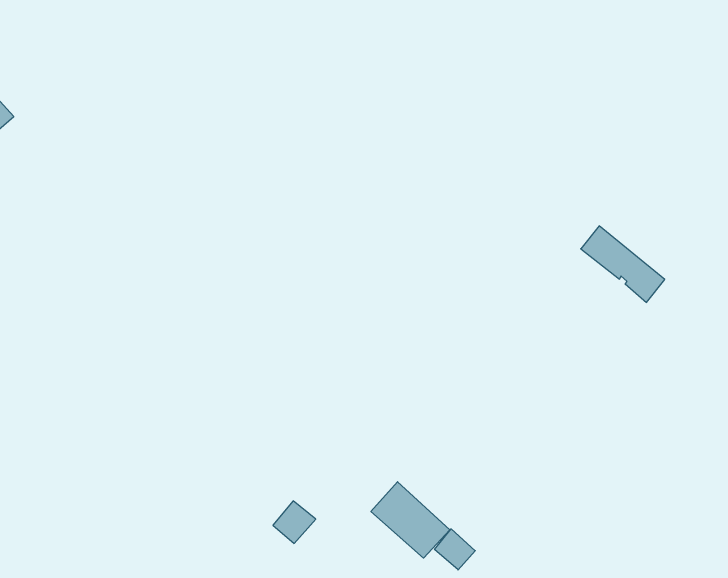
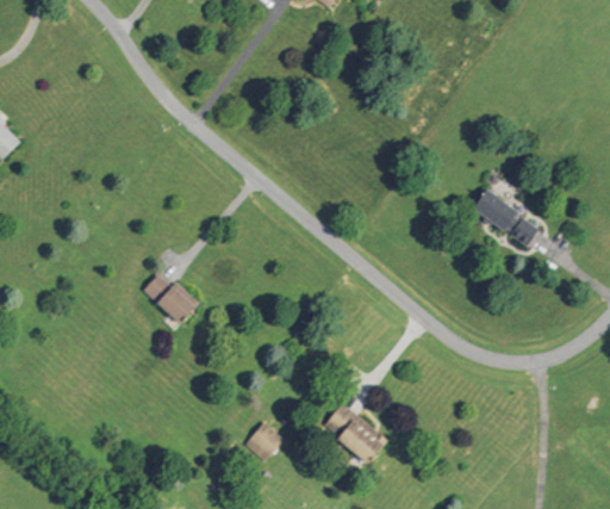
building: none -> [143,274,191,321]
building: [435,529,475,570] -> none

